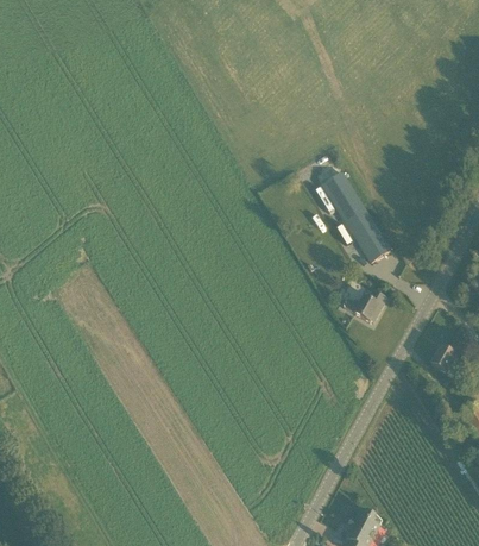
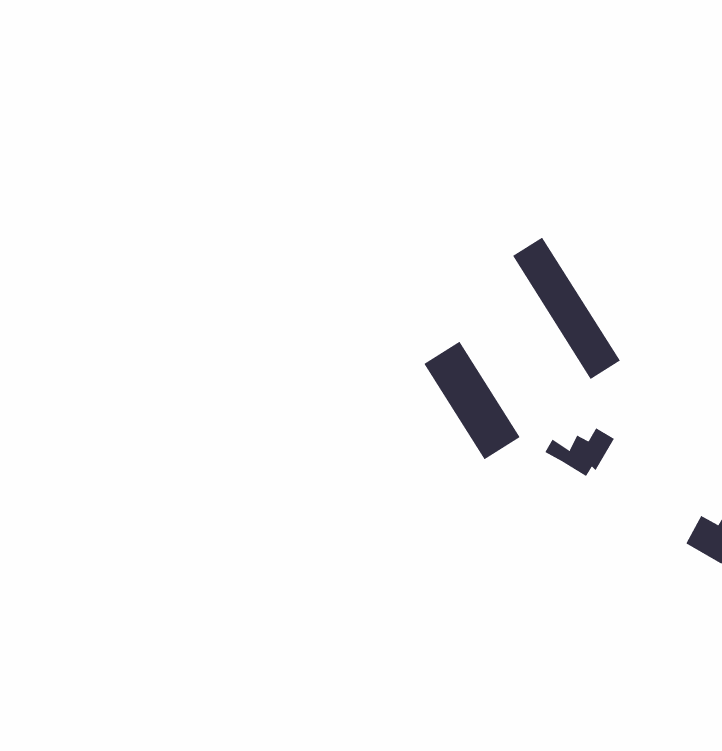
building: none -> [424,341,521,460]

